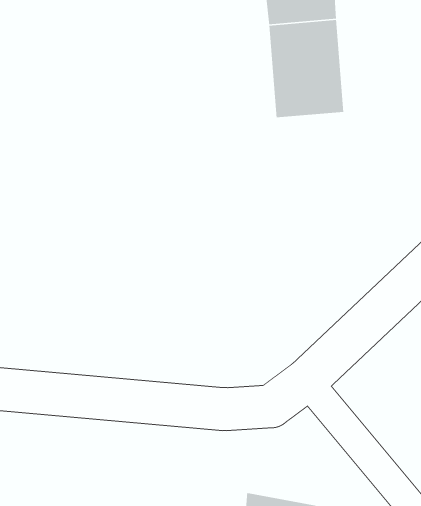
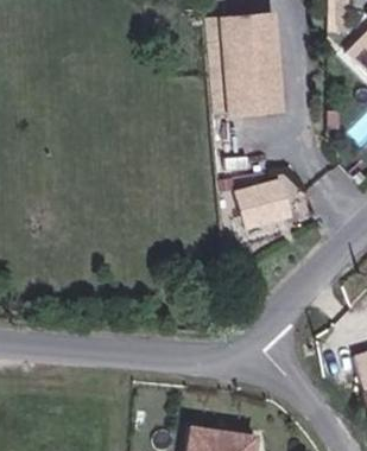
building: none -> [233,176,287,226]

